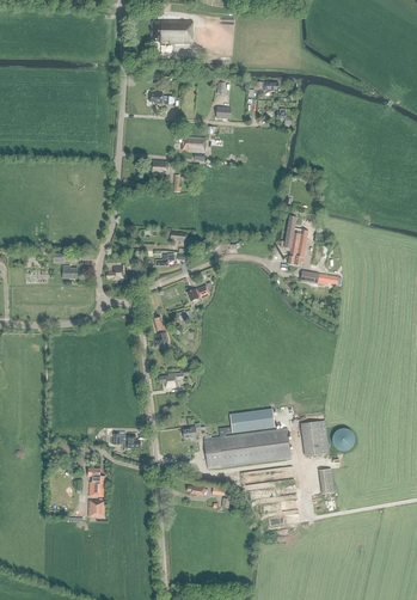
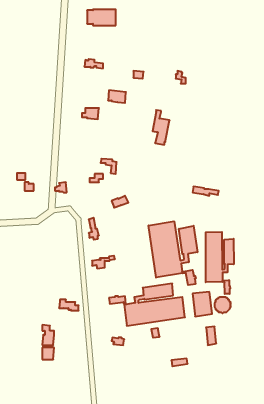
building: [283,216,307,265] -> [153,110,170,145]
building: none -> [149,221,197,285]
building: none -> [206,232,234,294]

